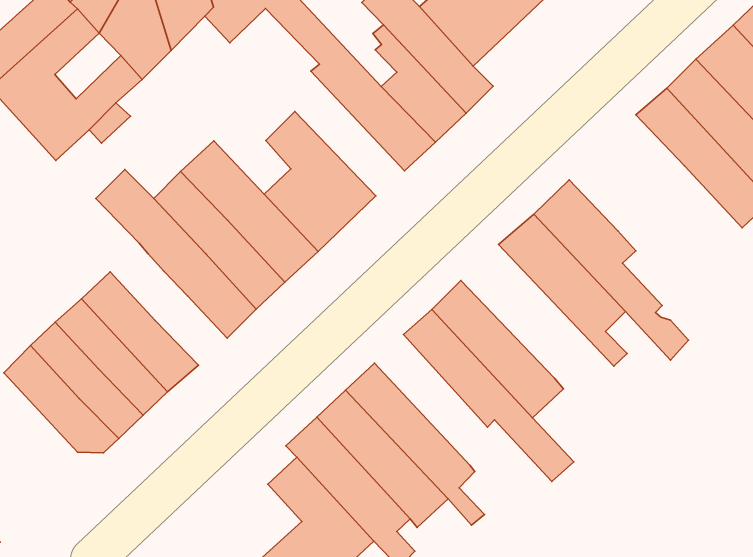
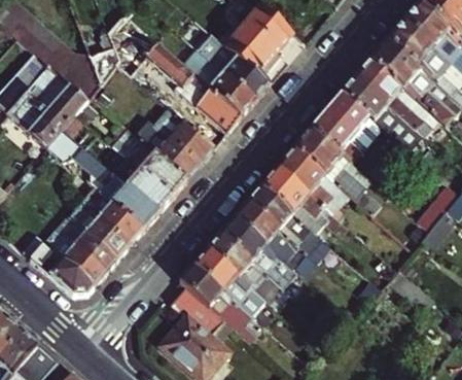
building: none -> [311,92,369,153]
building: none -> [79,184,143,244]
building: none -> [260,166,344,232]
building: none -> [220,217,305,287]

